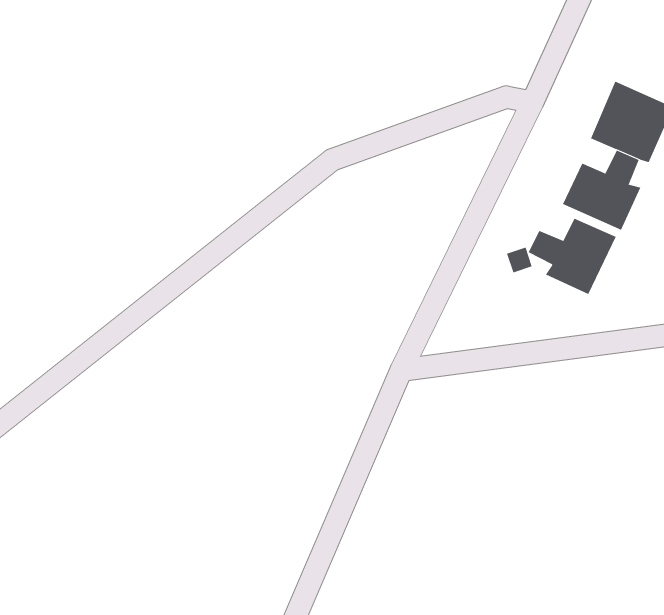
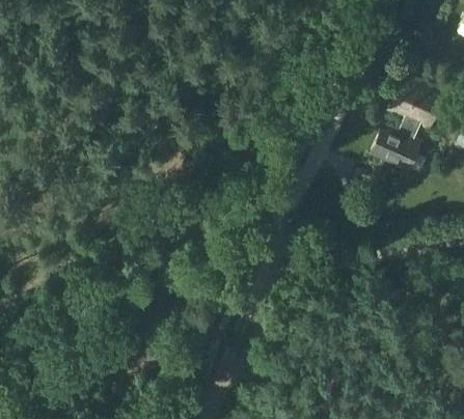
building: [528,218,616,295] -> none

